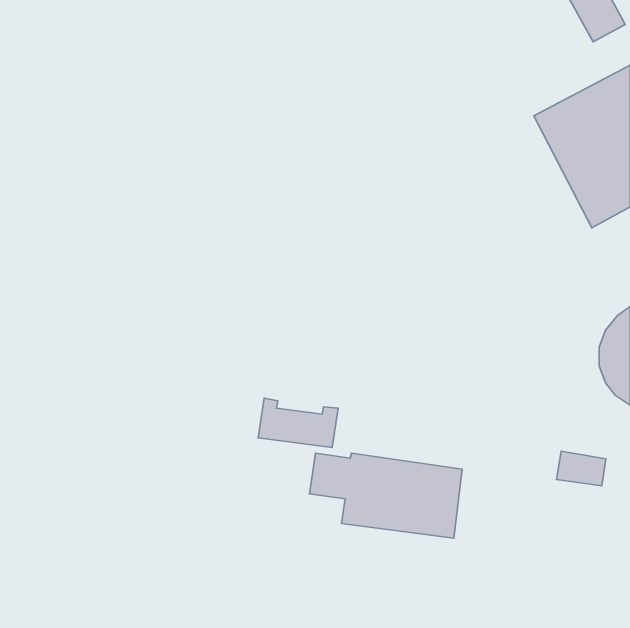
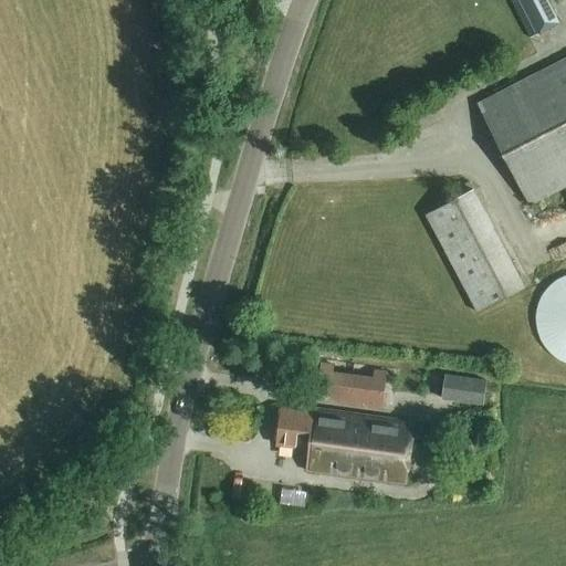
building: none -> [427,189,525,312]
building: [258,398,338,448] -> [316,363,388,407]
building: [556,451,606,486] -> [442,374,486,405]

